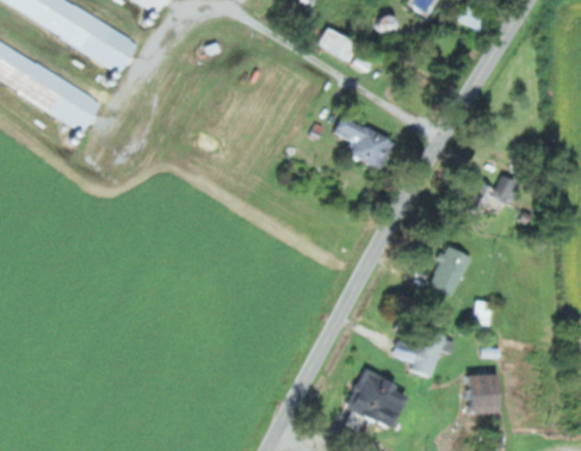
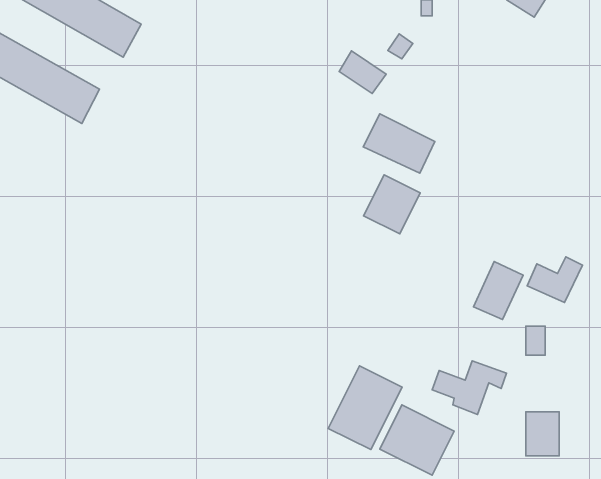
building: [316,27,357,64] -> [339,51,386,93]
building: none -> [364,175,420,234]
building: [466,177,514,216] -> [527,257,582,302]
building: none -> [328,366,402,450]

